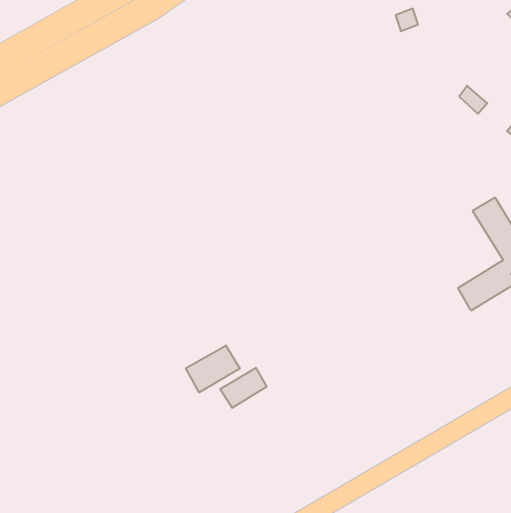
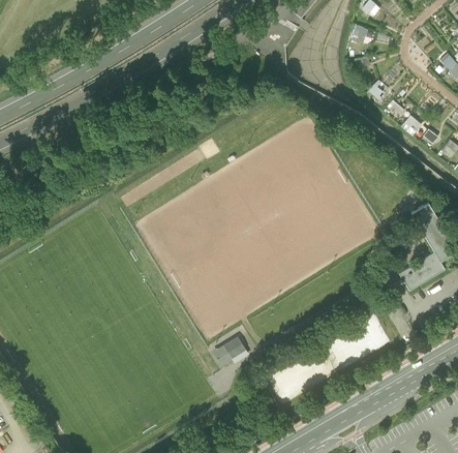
building: [186,345,240,392] -> none

